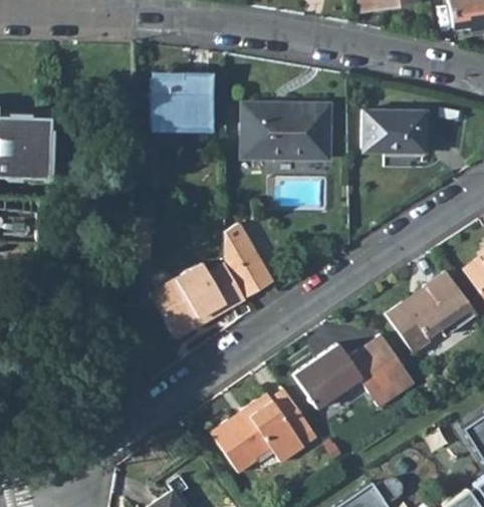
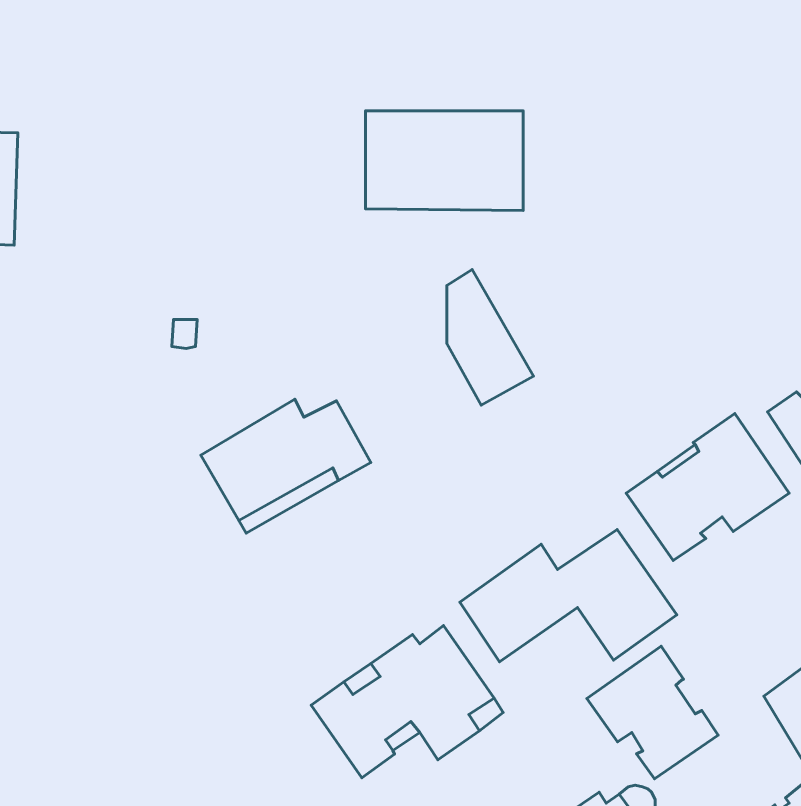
building: [149,73,212,130] -> none
building: [361,110,425,153] -> none
building: [225,223,273,298] -> [447,269,534,405]
building: none -> [587,646,718,779]

